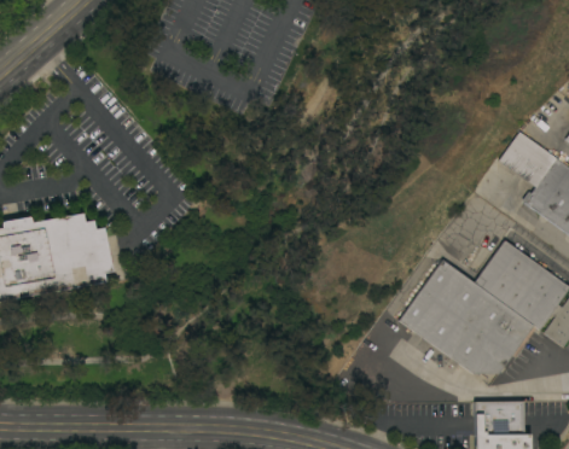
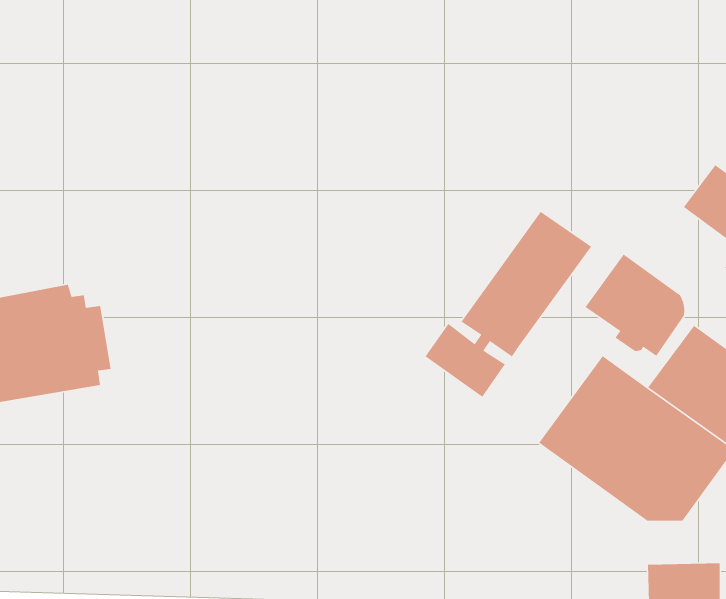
building: none -> [425,211,592,398]
building: none -> [585,254,685,357]

